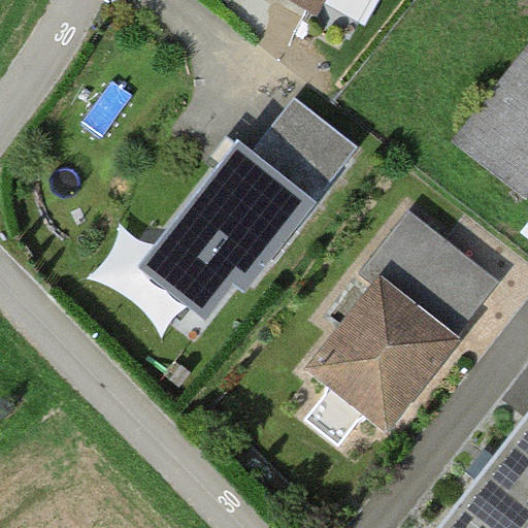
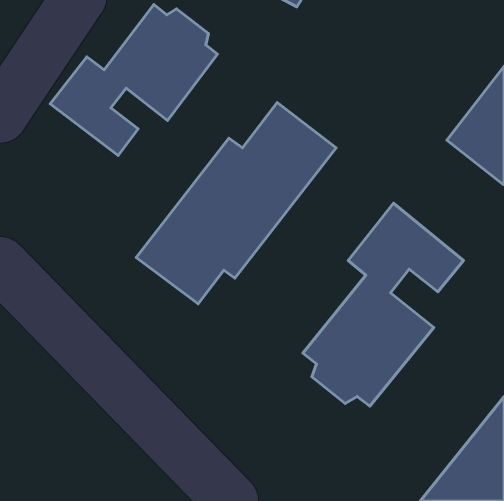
building: none -> [50,5,218,155]

